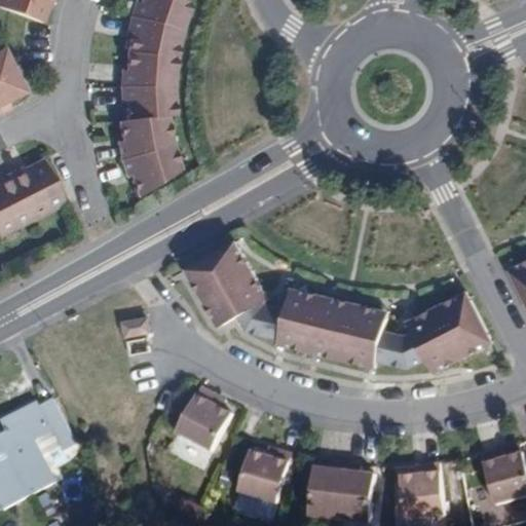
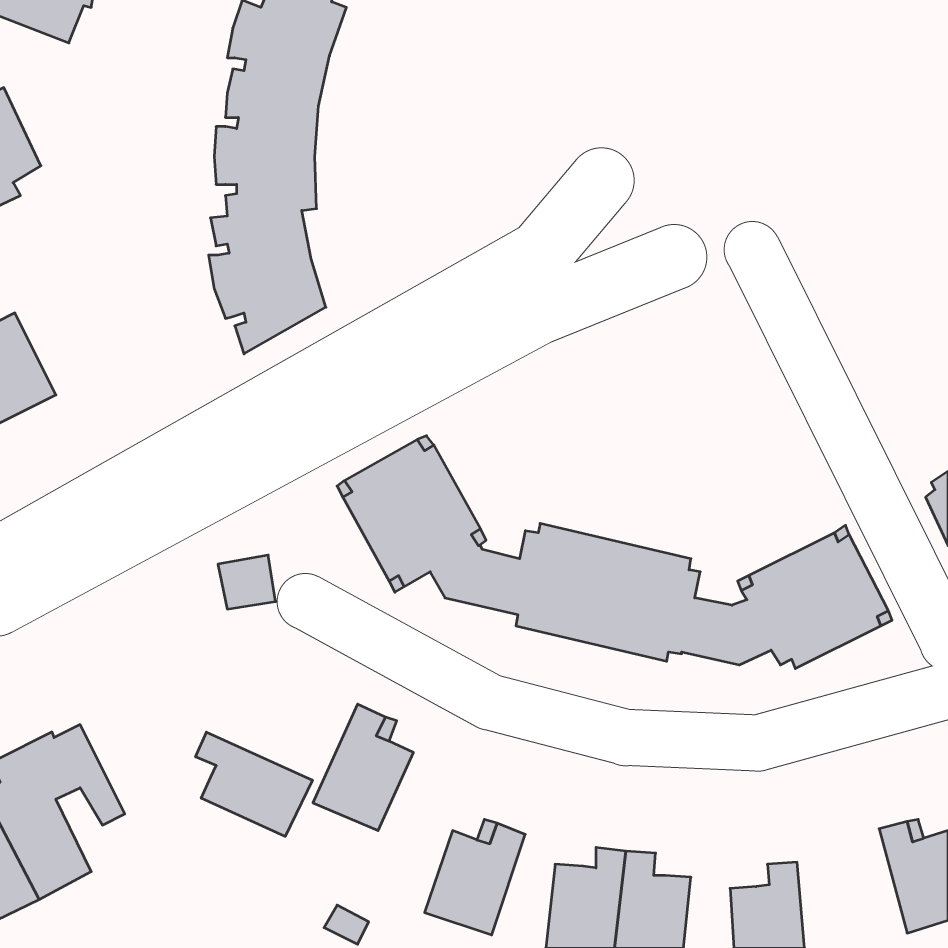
building: [8,159,65,218] -> none
building: none -> [196,732,312,836]

